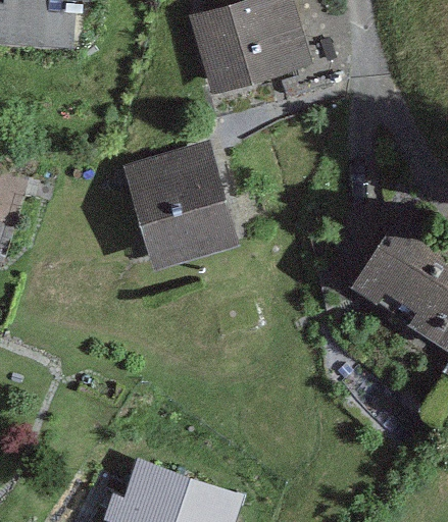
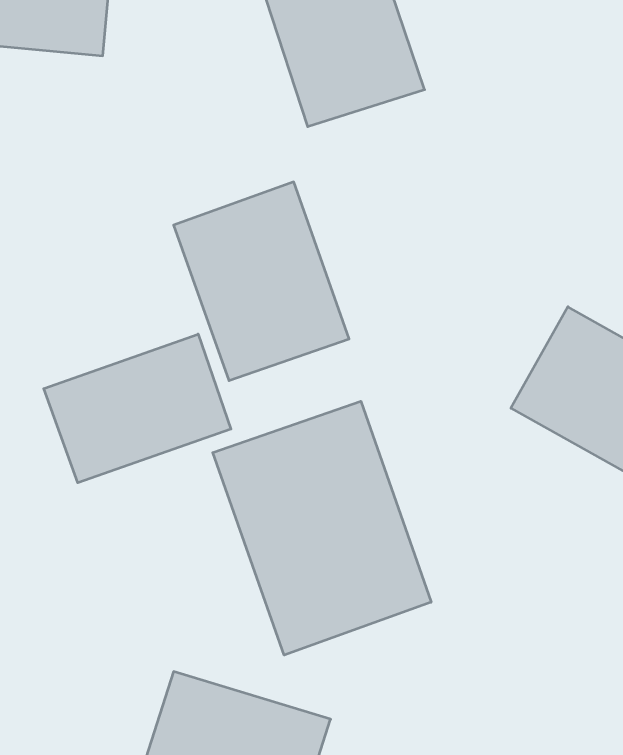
building: none -> [44,334,231,483]
building: none -> [213,401,431,655]

